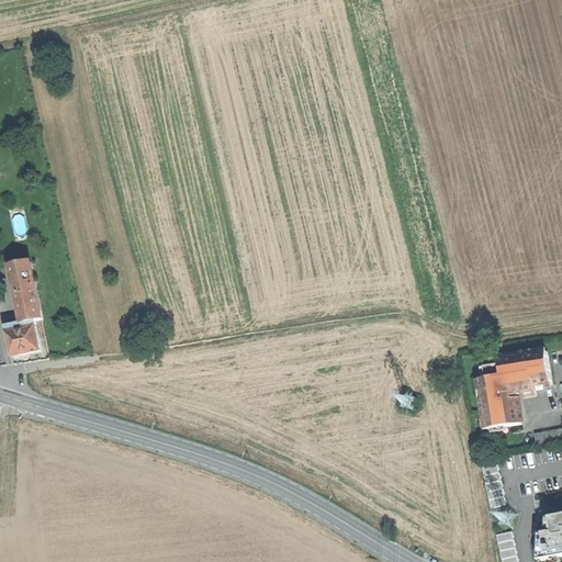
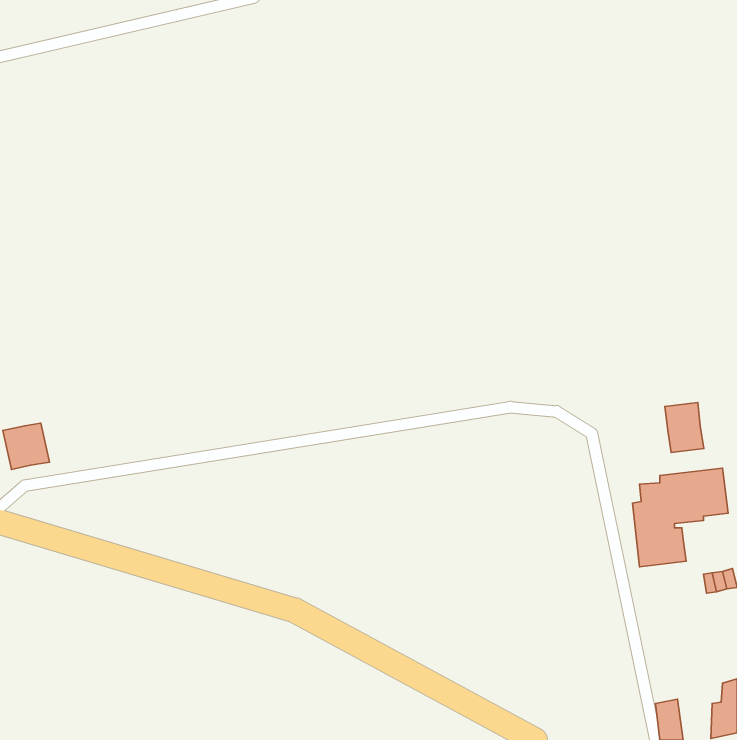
building: [7,260,37,322] -> none
building: none -> [665,403,704,452]

